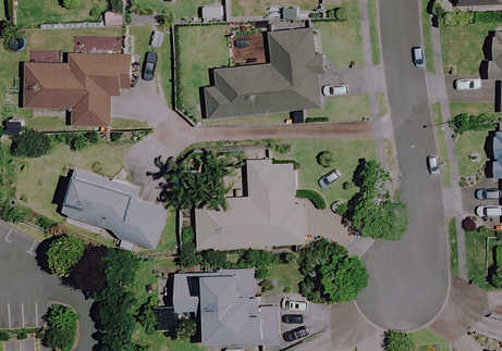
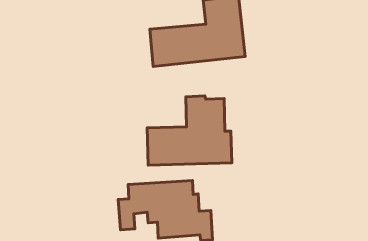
building: [27,50,130,131] -> none
building: [63,173,166,251] -> none

